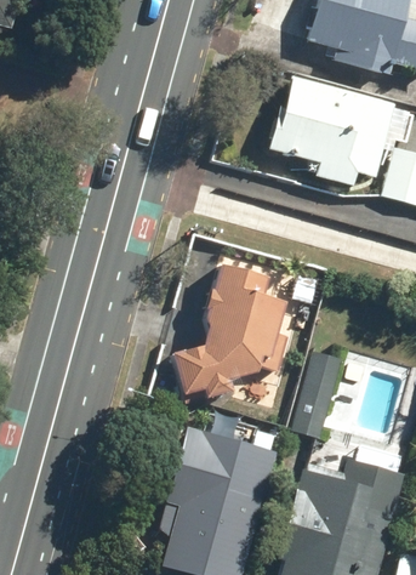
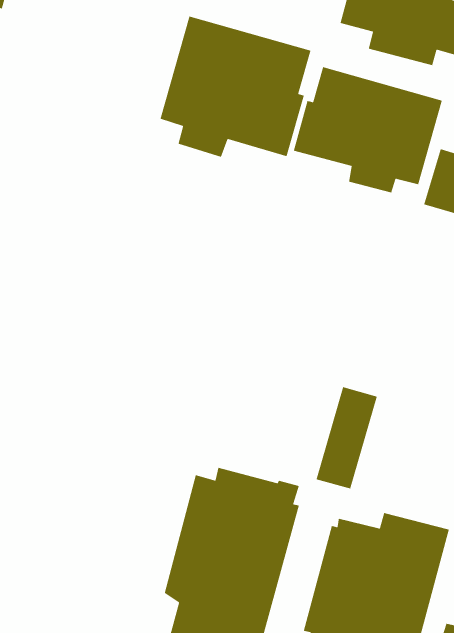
building: none -> [159,15,311,158]
building: [170,261,286,399] -> none

